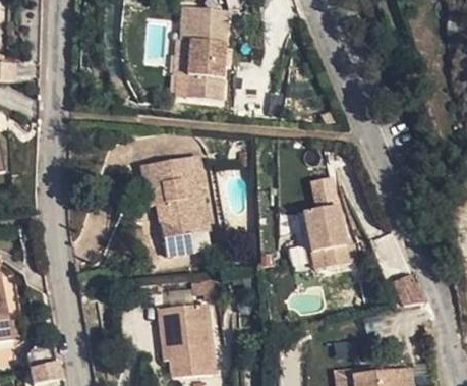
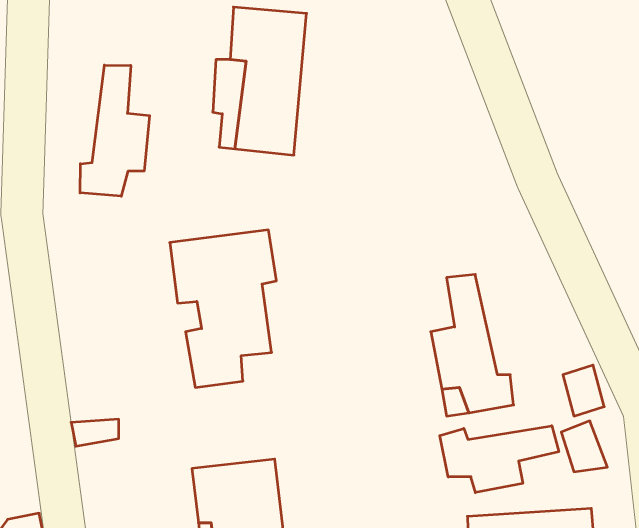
building: none -> [80,65,150,196]
building: none -> [440,426,559,493]

